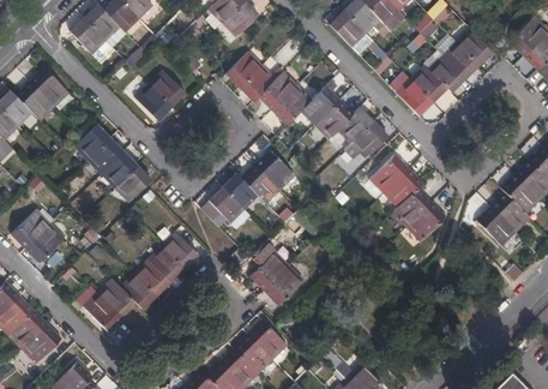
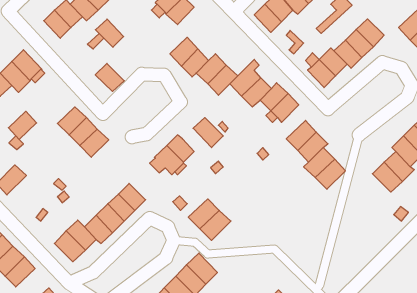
building: [149,72,183,107] -> [95,19,124,47]
building: [74,125,109,160] -> [8,111,37,139]
building: [242,166,278,203] -> none
building: [25,225,64,263] -> none

